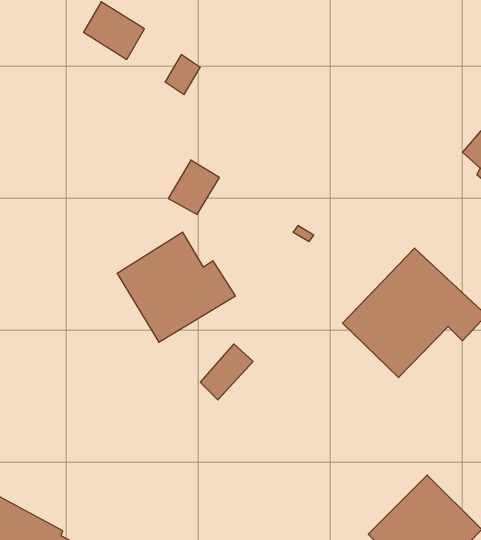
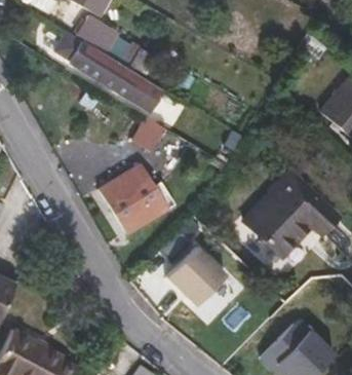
building: none -> [55,32,164,112]
building: none -> [164,246,223,304]

